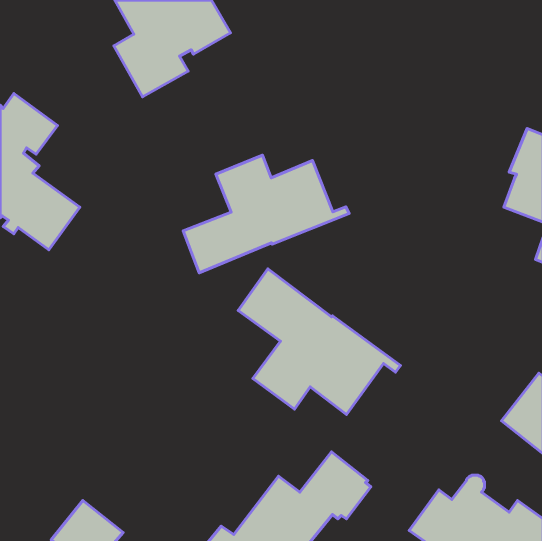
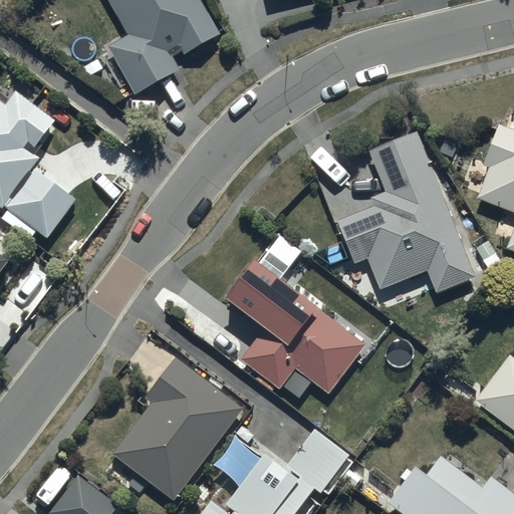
building: none -> [337,132,475,292]
building: [183,155,349,273] -> none
building: none -> [112,356,243,500]

